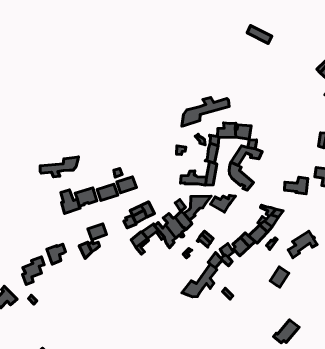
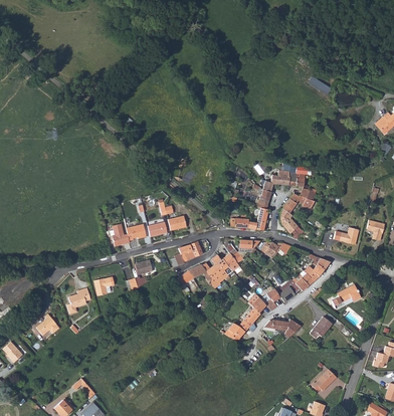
building: [182,98,229,126] -> none
building: [40,157,78,177] -> none
building: none -> [264,318,301,342]

